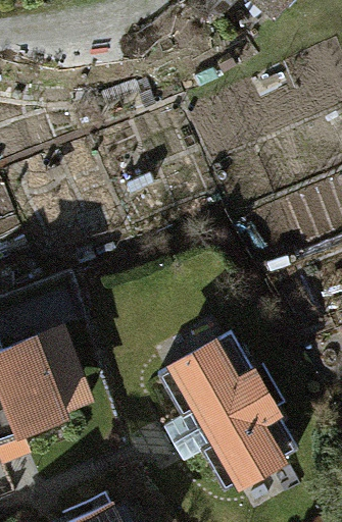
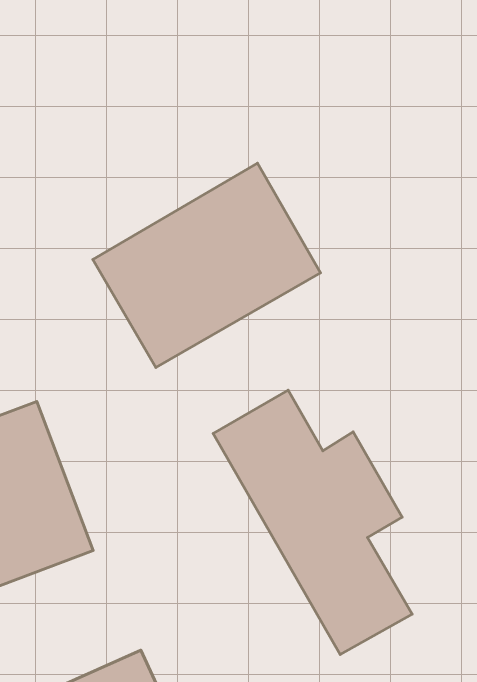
building: none -> [93,163,321,367]

